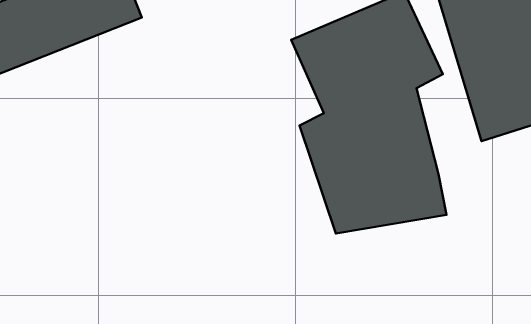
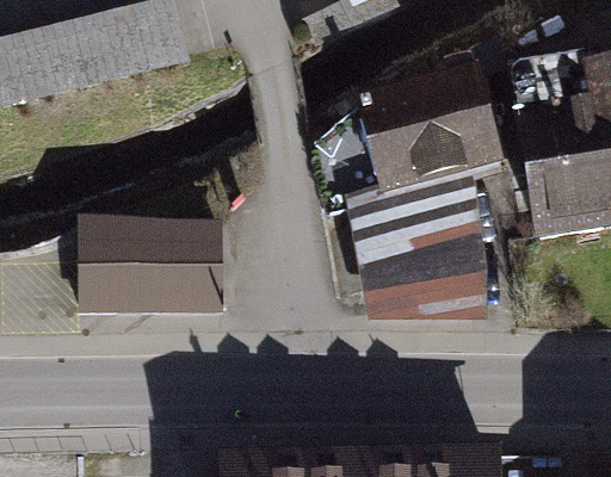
building: none -> [78,217,222,312]

